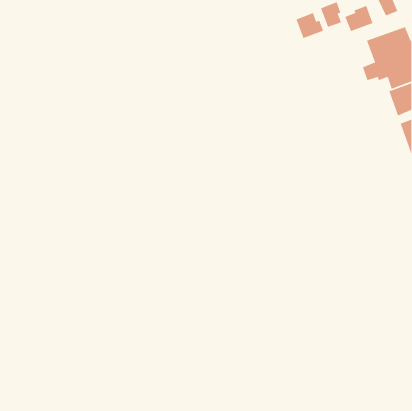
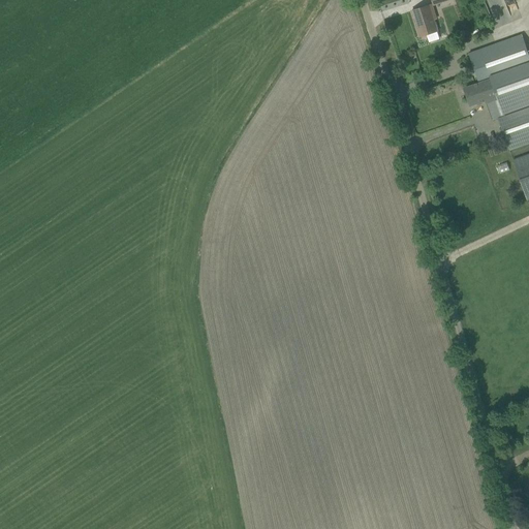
building: [345,5,373,32] -> none
building: [296,12,324,39] -> none

